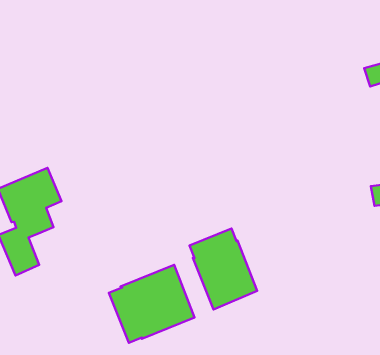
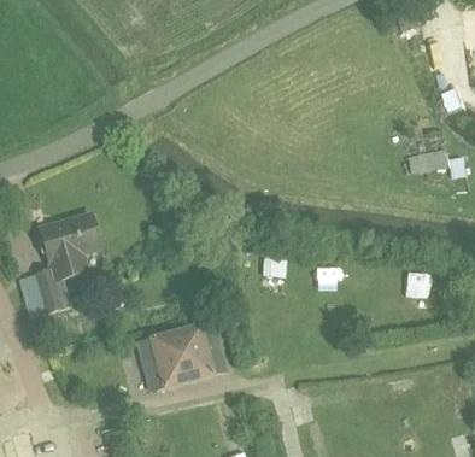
building: [189,228,257,309] -> none

